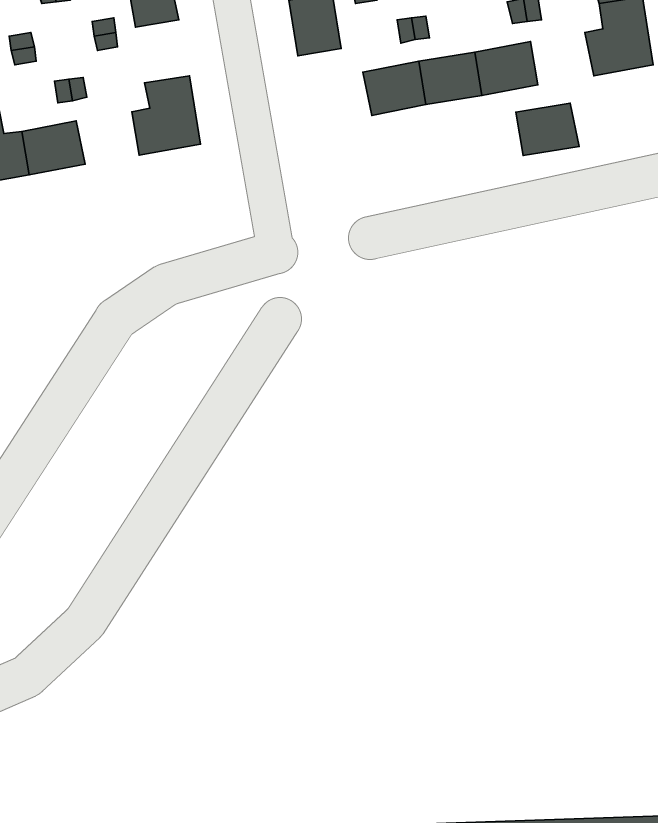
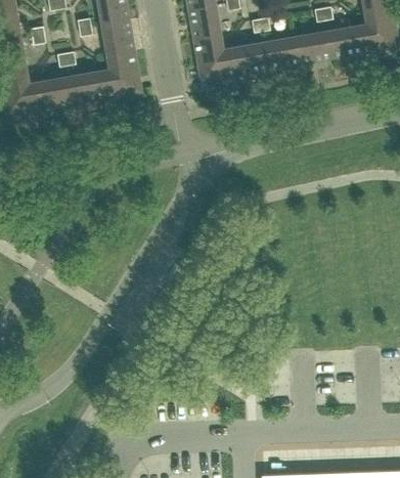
building: none -> [102,19,133,55]
building: none -> [194,36,236,79]
building: [516,103,579,155] -> [326,27,362,56]
building: none -> [69,72,104,101]

